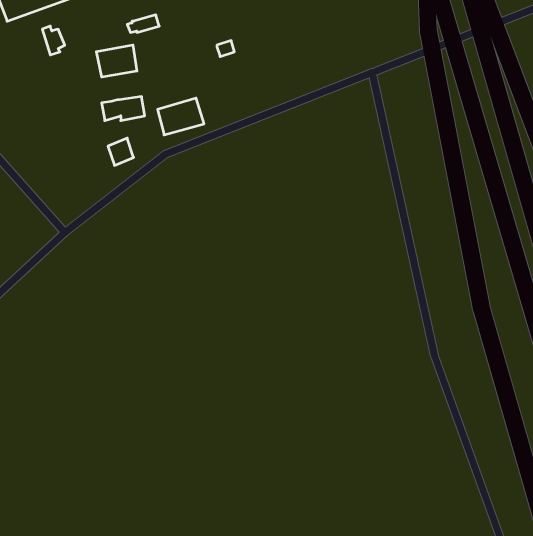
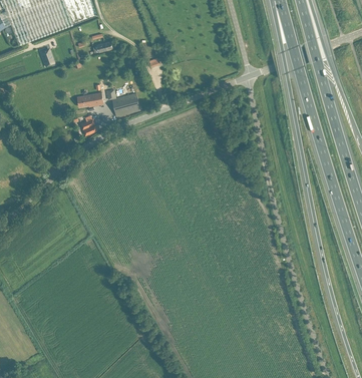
building: [96,45,137,77] -> none

